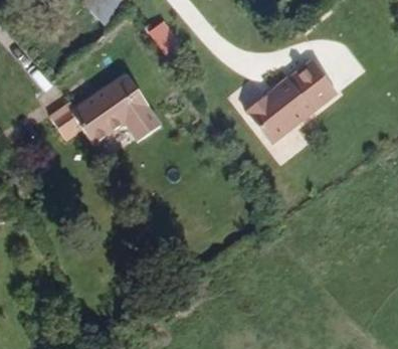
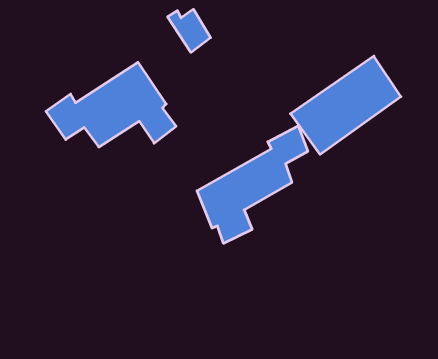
building: none -> [197,126,308,243]

